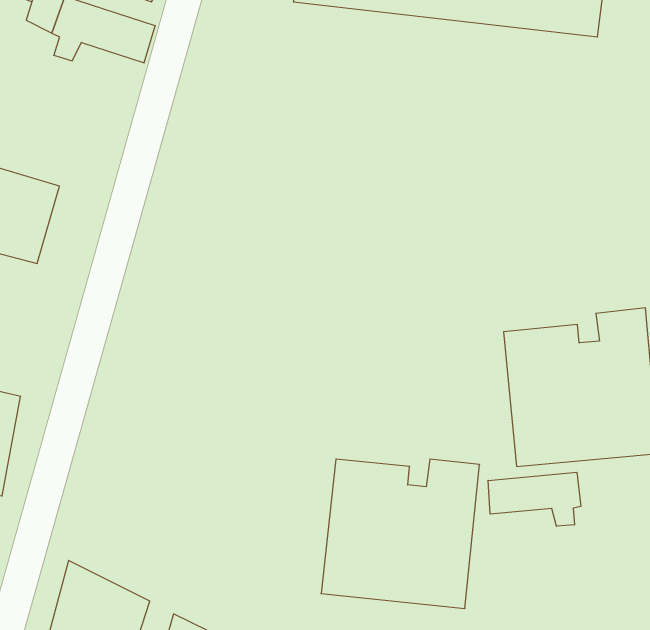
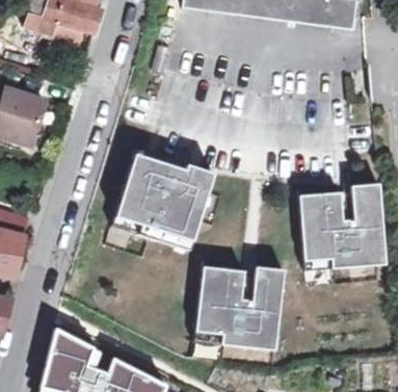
building: none -> [113,154,214,250]
building: [488,472,581,526] -> none

